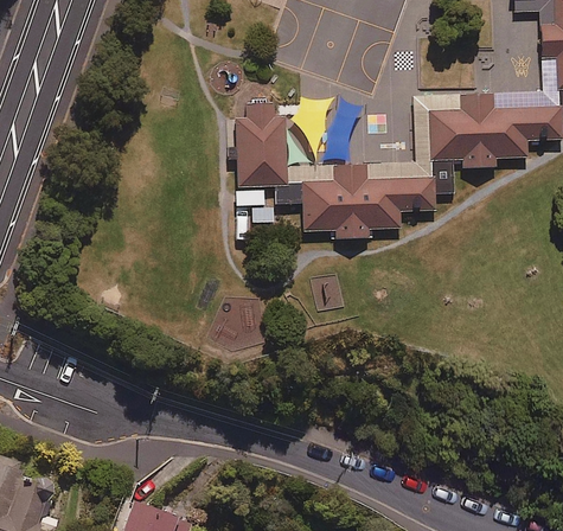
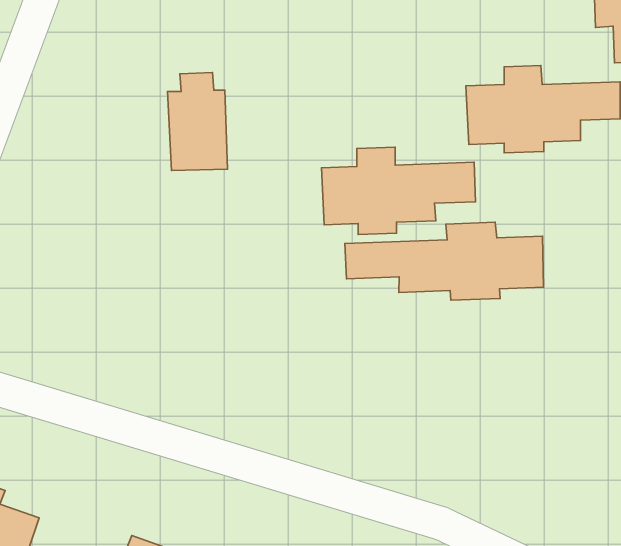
building: [233,102,286,187] -> [167,72,227,171]
building: none -> [345,222,544,300]

